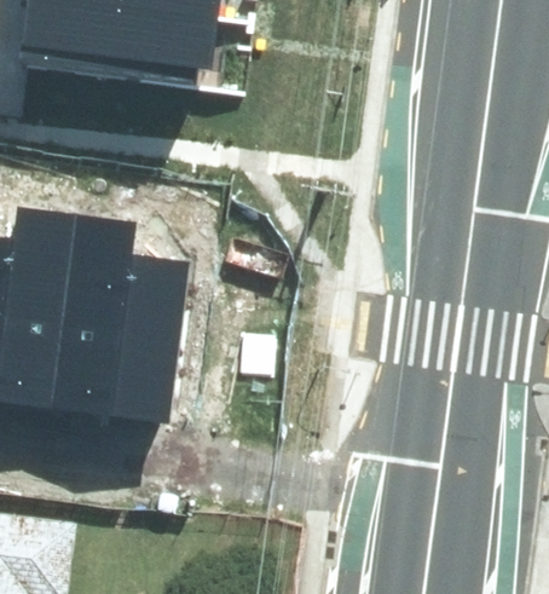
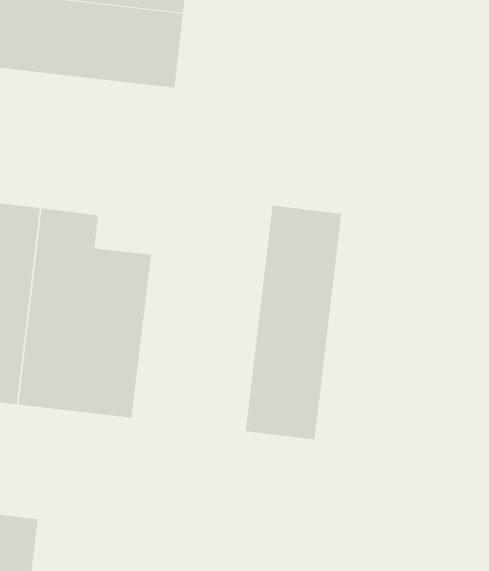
building: none -> [245,205,342,440]

